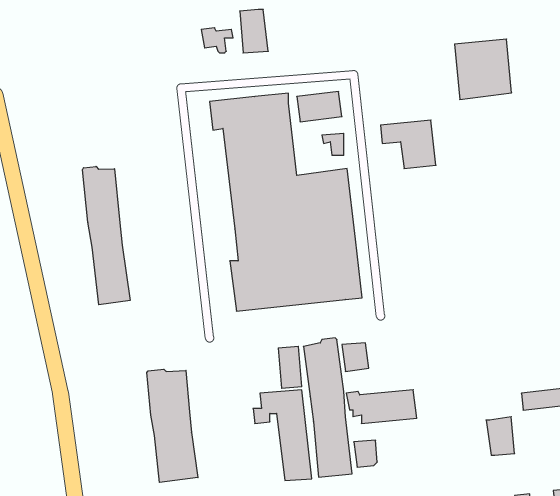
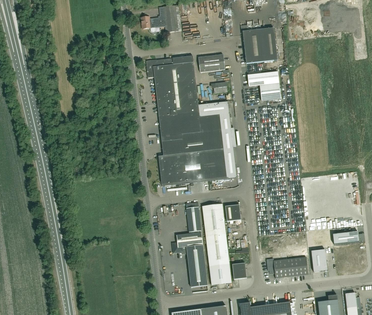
building: [455,39,512,99] -> [243,28,277,64]
building: [82,166,130,305] -> none
building: [147,369,198,482] -> none
building: [346,390,417,423] -> [266,258,308,278]

